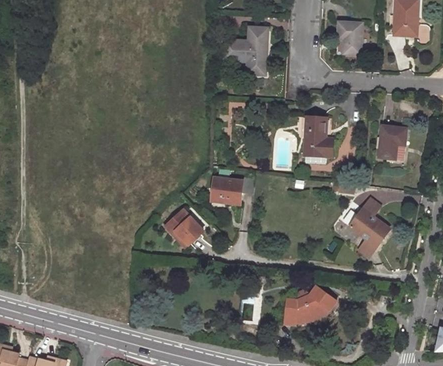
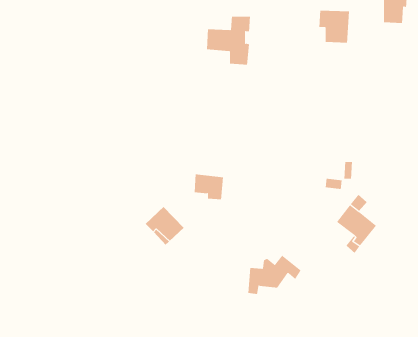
building: [305,117,334,157] -> none
building: [381,125,408,159] -> none
building: [284,288,336,326] -> [248,255,302,294]

